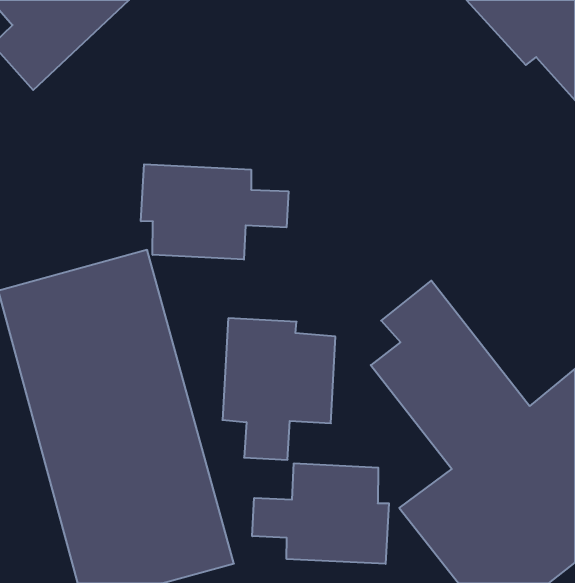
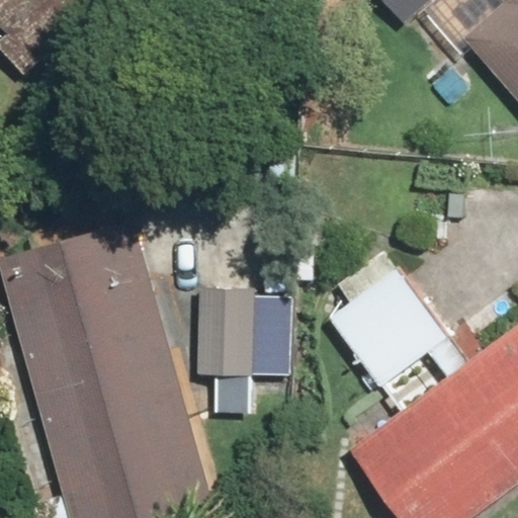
building: [141,164,288,260] -> none
building: [252,463,389,564] -> none

